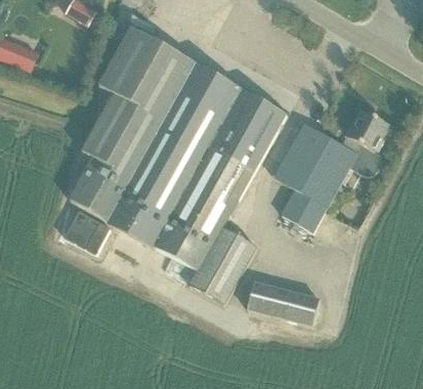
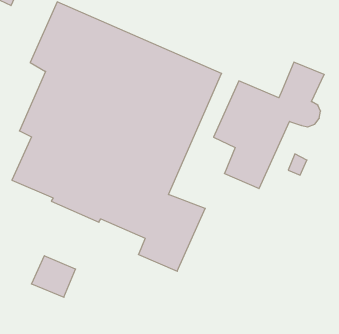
building: [65,210,110,253] -> [31,256,76,297]
building: [247,279,319,329] -> none

